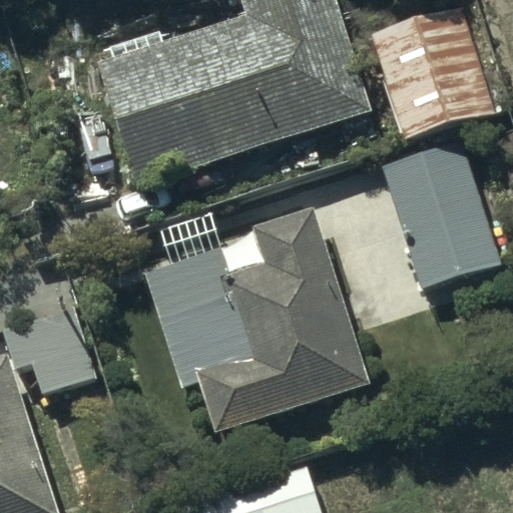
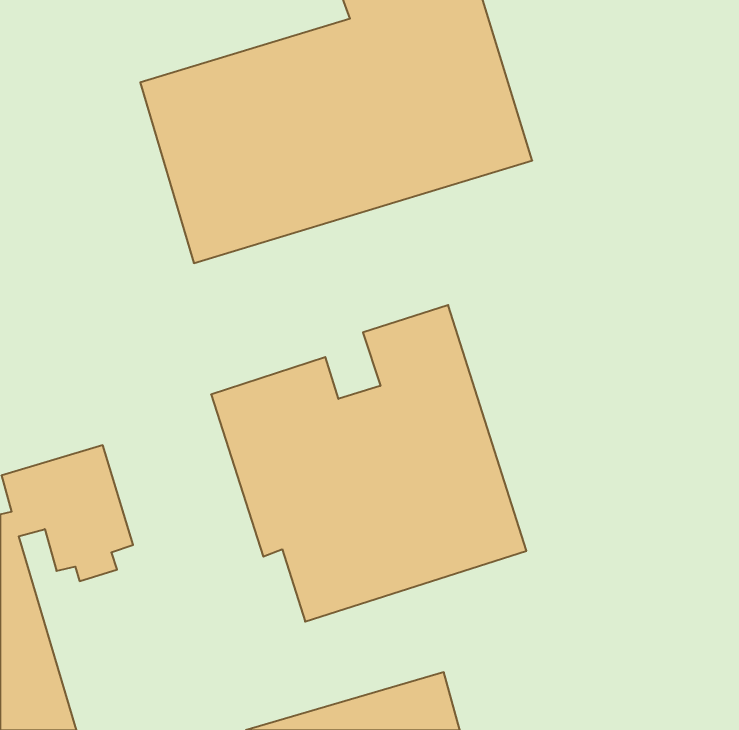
building: [368,4,494,139] -> none
building: [383,136,506,288] -> none

